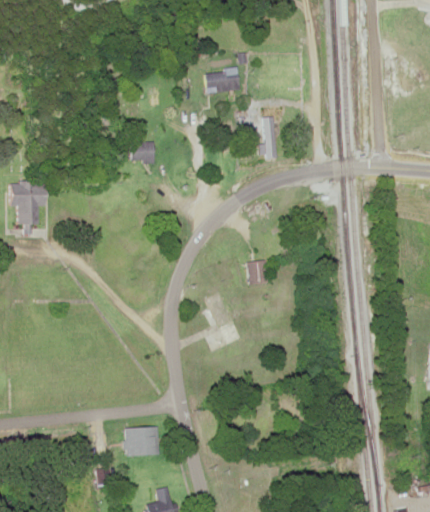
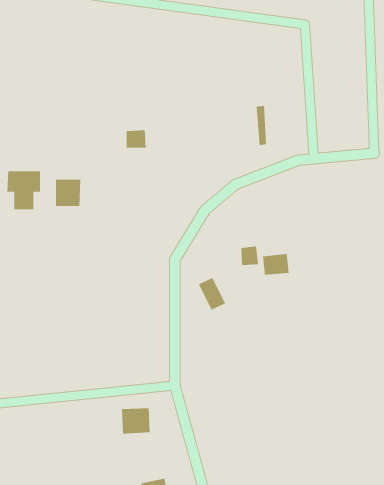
building: [208,70,240,92] -> none
building: none -> [55,179,81,207]
building: none -> [263,253,289,275]

